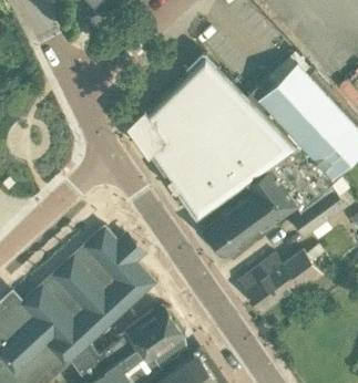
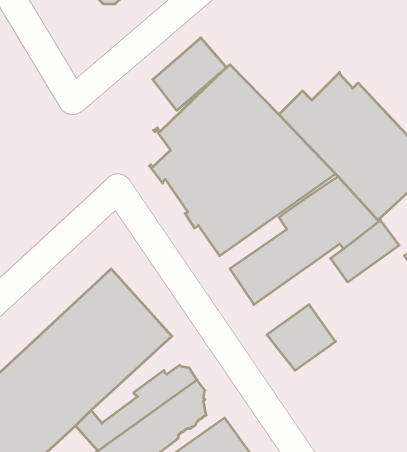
building: none -> [153,38,227,110]
building: [273,251,320,292] -> none

